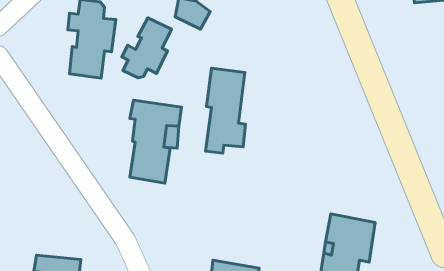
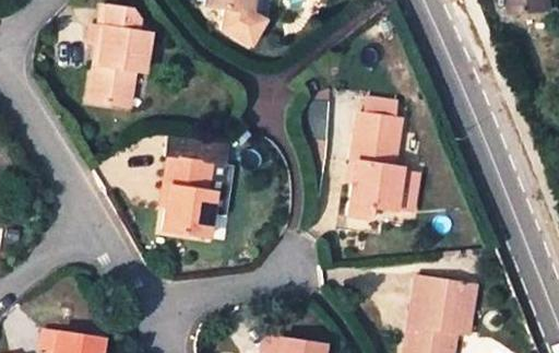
building: [122,18,172,78] -> none
building: [205,68,246,153] -> [350,113,401,219]

